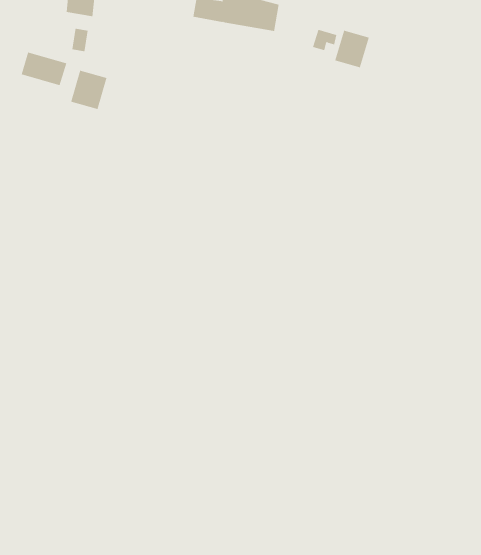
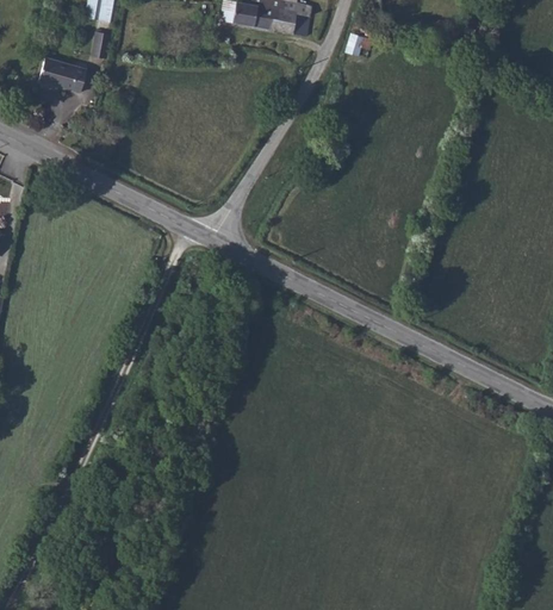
building: [335,30,369,68] -> none
building: [71,70,107,110] -> none

